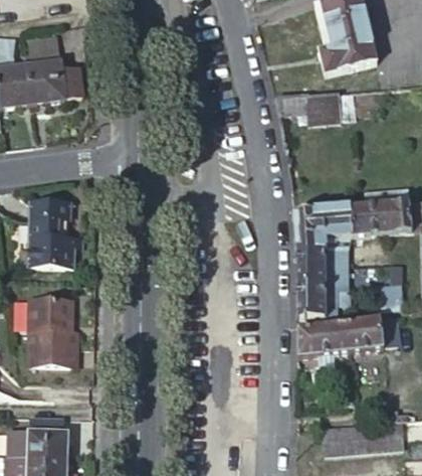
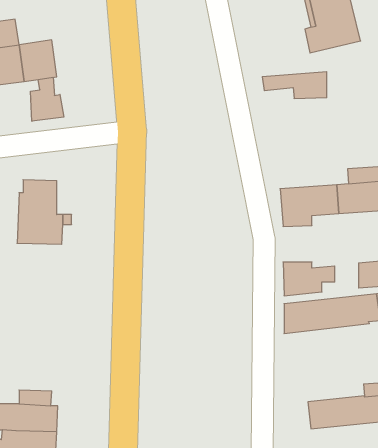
building: none -> [31,77,64,121]
building: [296,248,349,291] -> none
building: [20,299,74,365] -> none

